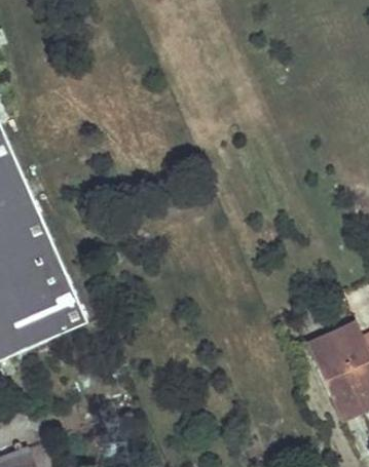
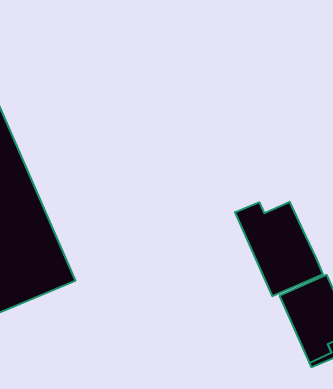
building: none -> [235,202,323,296]

